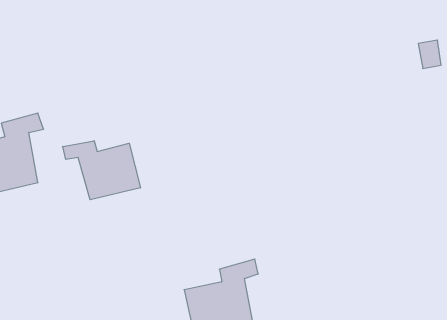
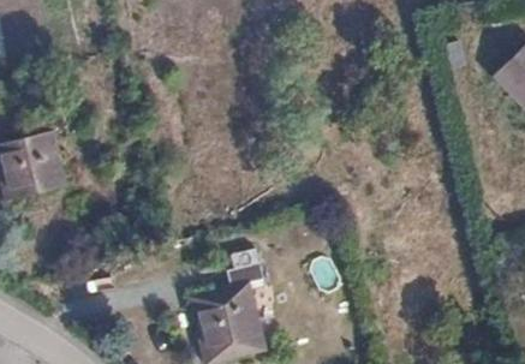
building: [63,141,140,200] -> none

